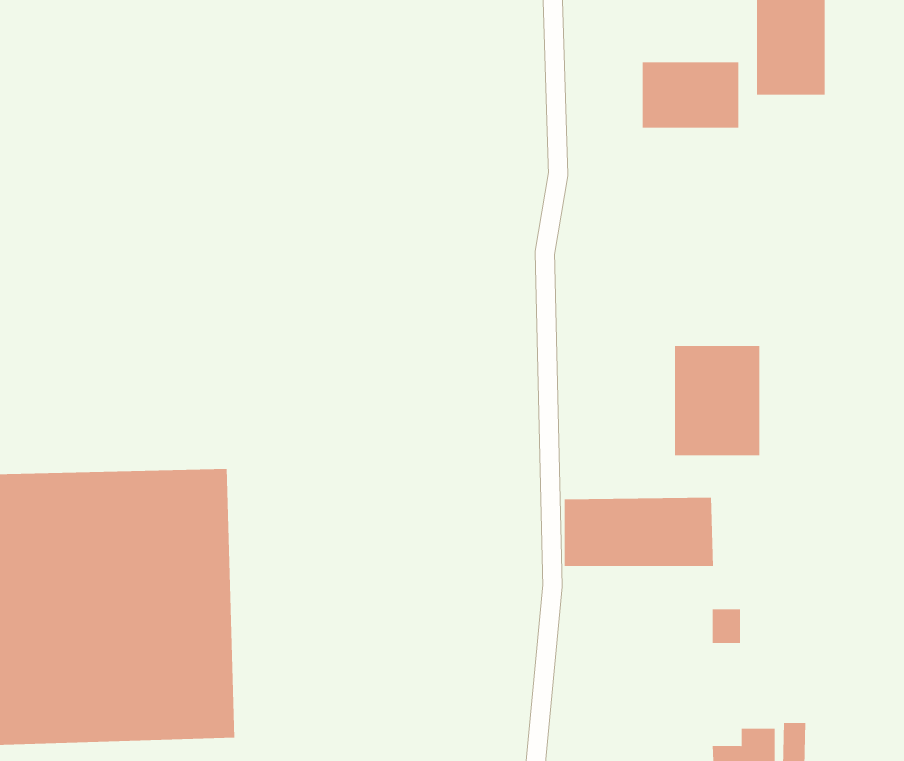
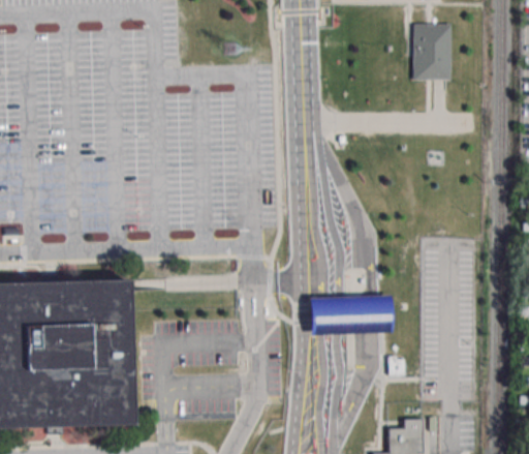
building: [642,62,739,128] -> none
building: [674,345,760,456] -> none

